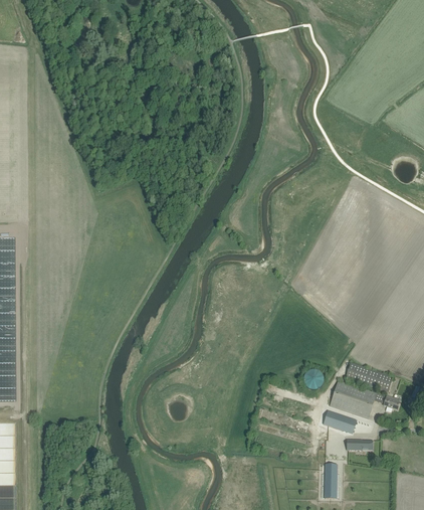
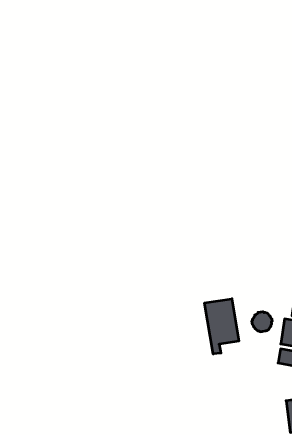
building: none -> [205,299,239,354]

